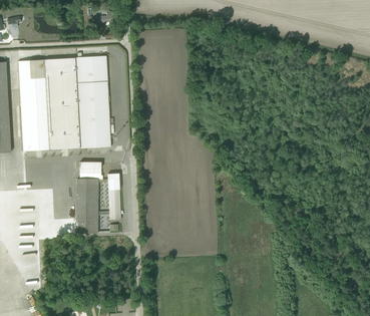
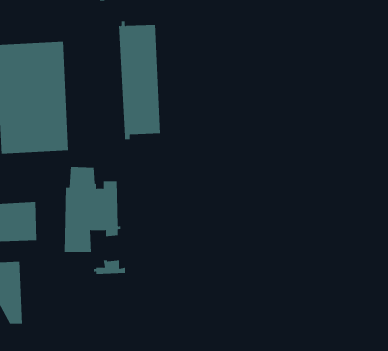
building: [74,52,109,150] -> [118,21,161,140]

